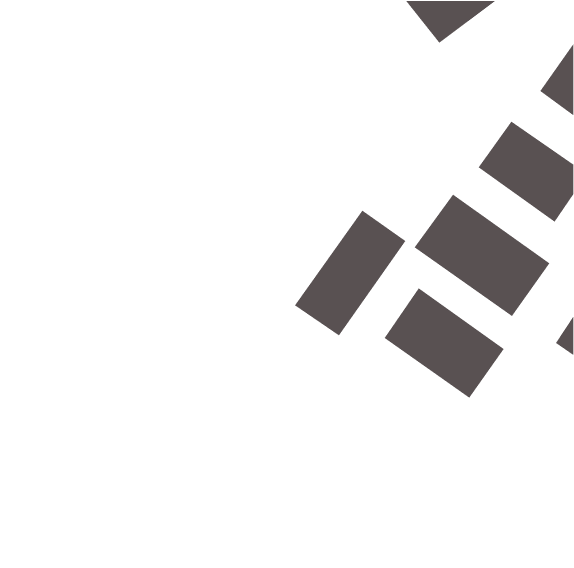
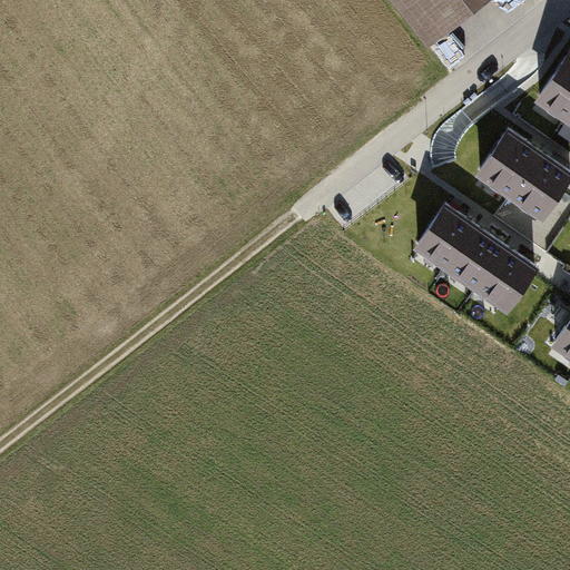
building: [294,209,407,337] -> none
building: [384,287,505,399] -> none

